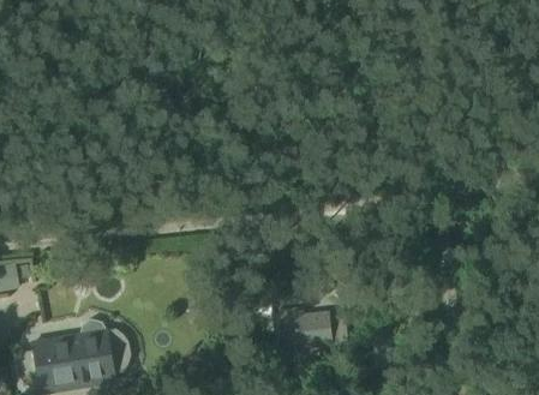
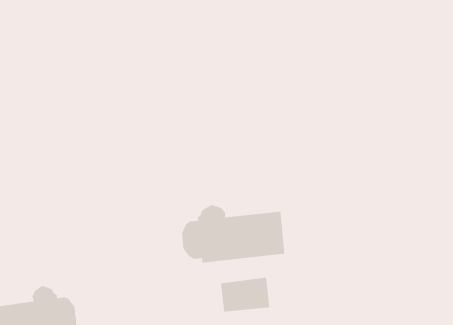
building: none -> [181,204,285,263]

